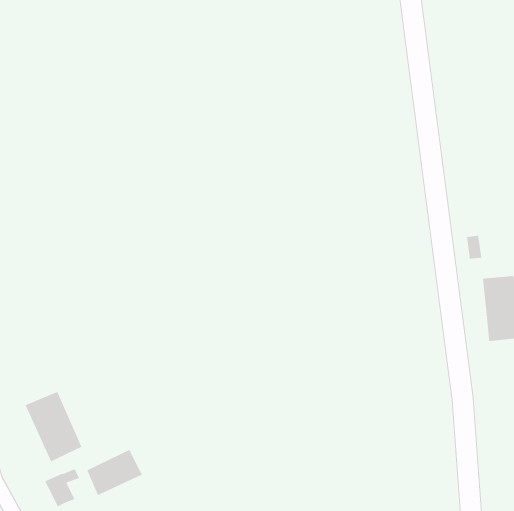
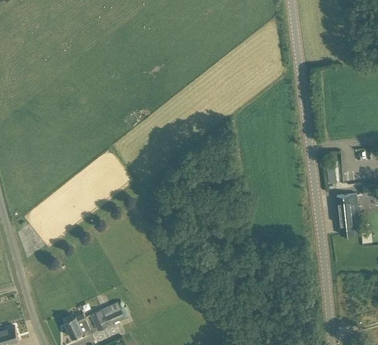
building: [25,391,82,462] -> none

